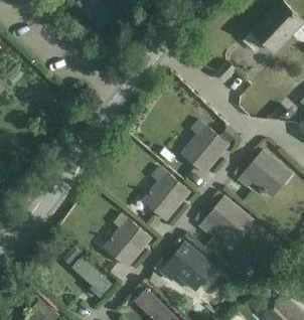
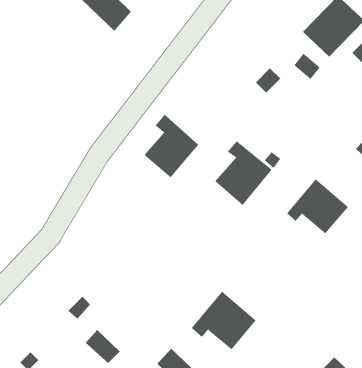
building: [143,166,188,218] -> [144,114,199,178]
building: [201,197,253,243] -> none
building: [104,212,151,266] -> none

